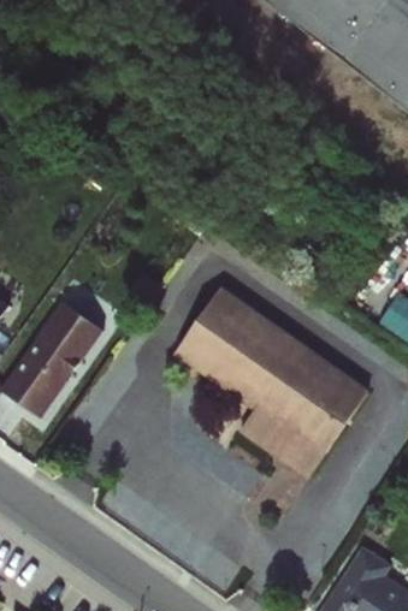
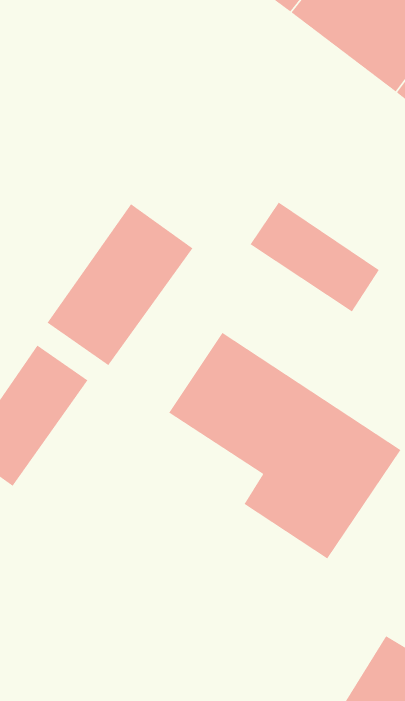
building: none -> [249,201,380,312]
building: none -> [46,203,194,366]

